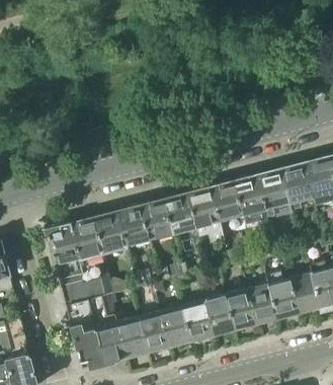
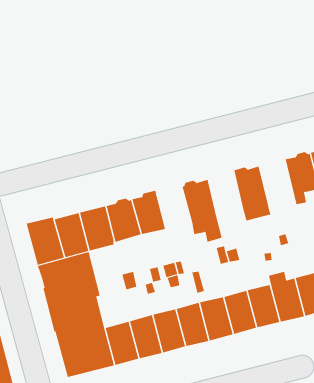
building: [259,168,294,219] -> none
building: [213,179,244,221] -> none
building: [165,194,197,233] -> none

